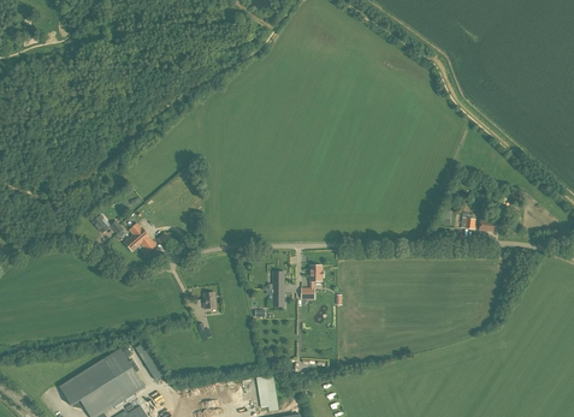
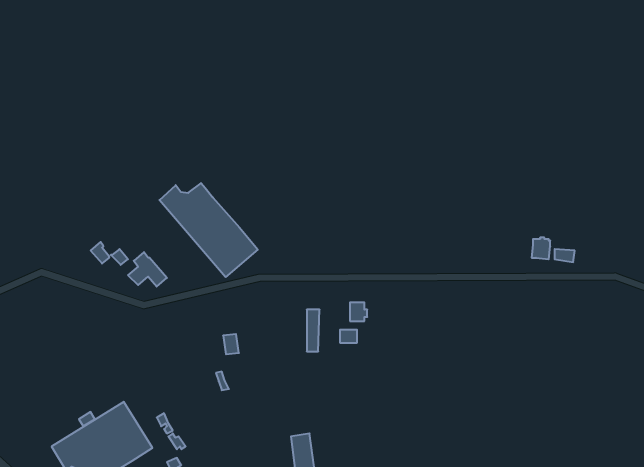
building: none -> [159,183,258,277]

